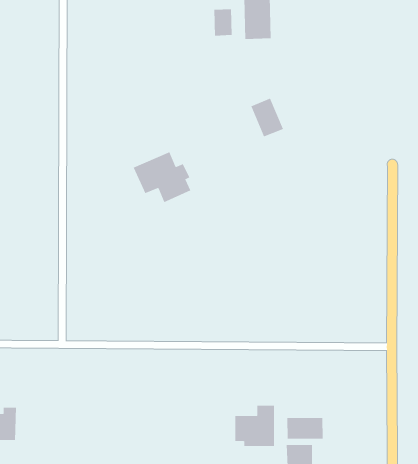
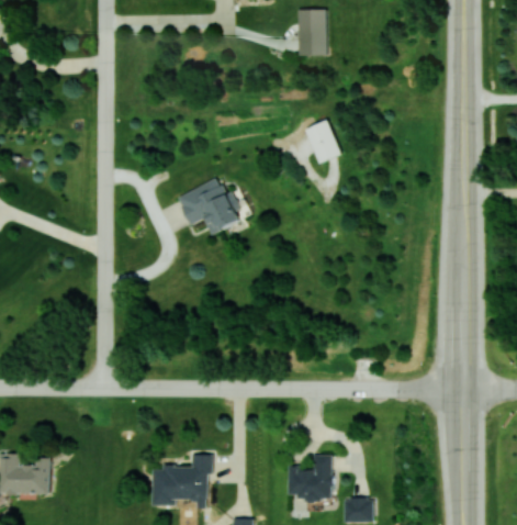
building: [214,8,232,36] -> none
building: none -> [153,455,212,510]
building: [287,417,323,440] -> none

